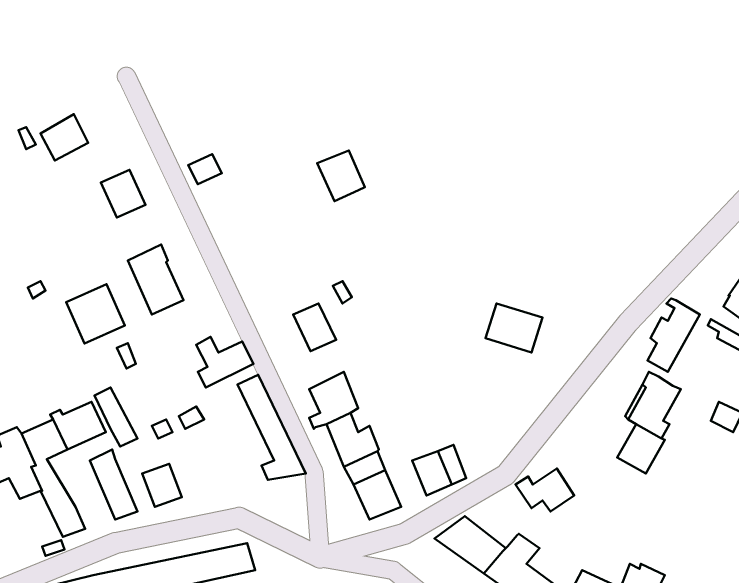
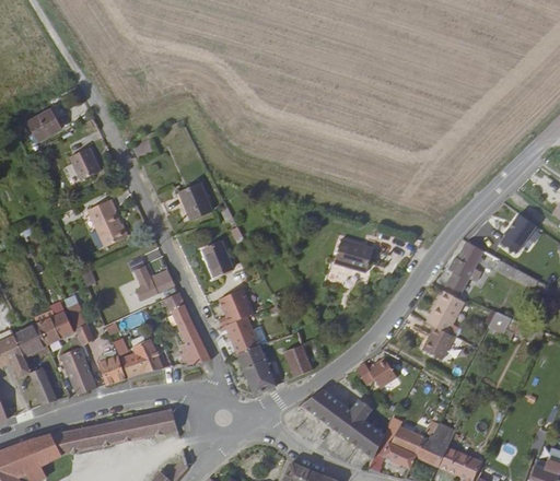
building: [317,150,365,201] -> [177,185,210,220]
building: [66,284,125,344] -> none
building: none -> [120,337,163,375]

